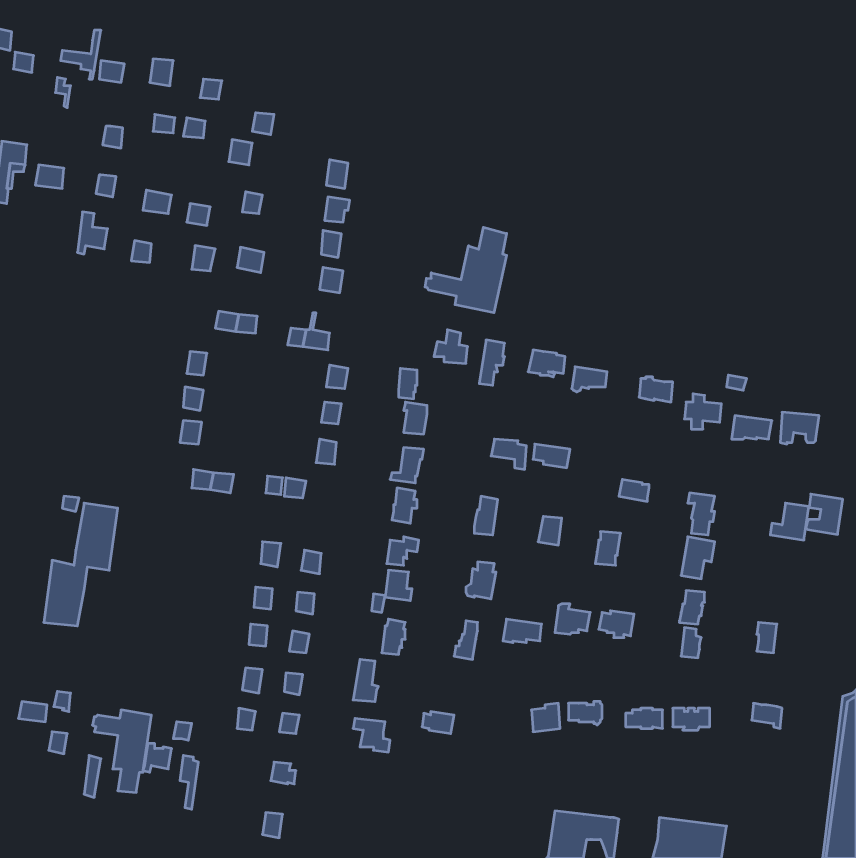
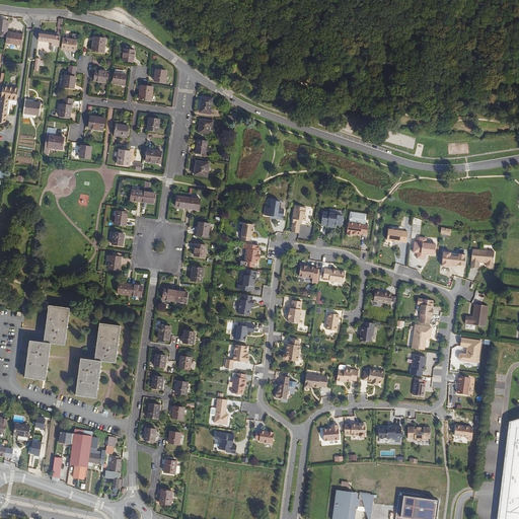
building: [425,227,507,313] -> none
building: [806,494,843,534] -> [459,338,481,362]
building: none -> [76,321,122,396]

